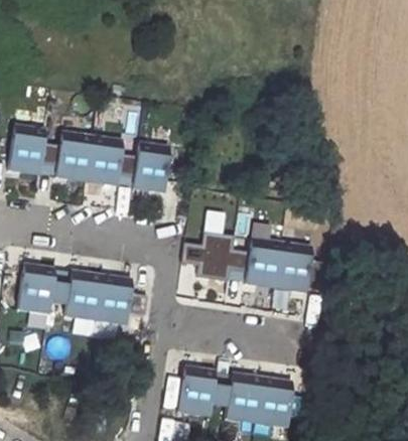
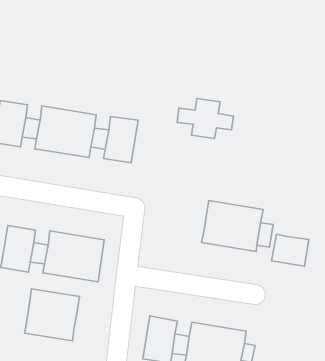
building: [184,233,248,278] -> [177,98,233,139]
building: none -> [271,234,309,266]
building: none -> [25,289,79,341]

